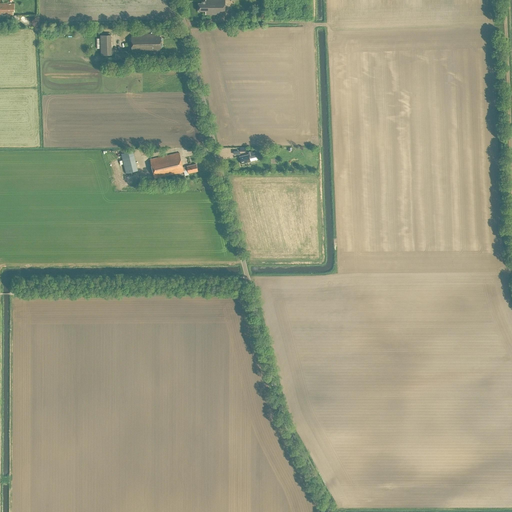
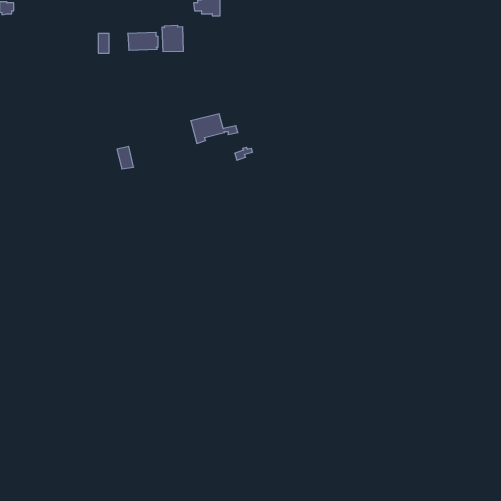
building: none -> [162,25,183,52]
building: [149,152,197,182] -> [191,114,238,143]

